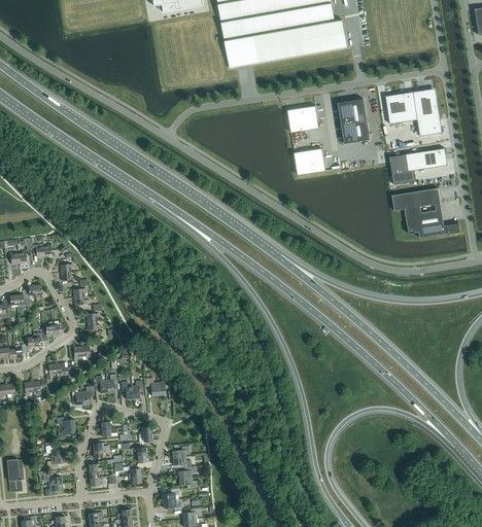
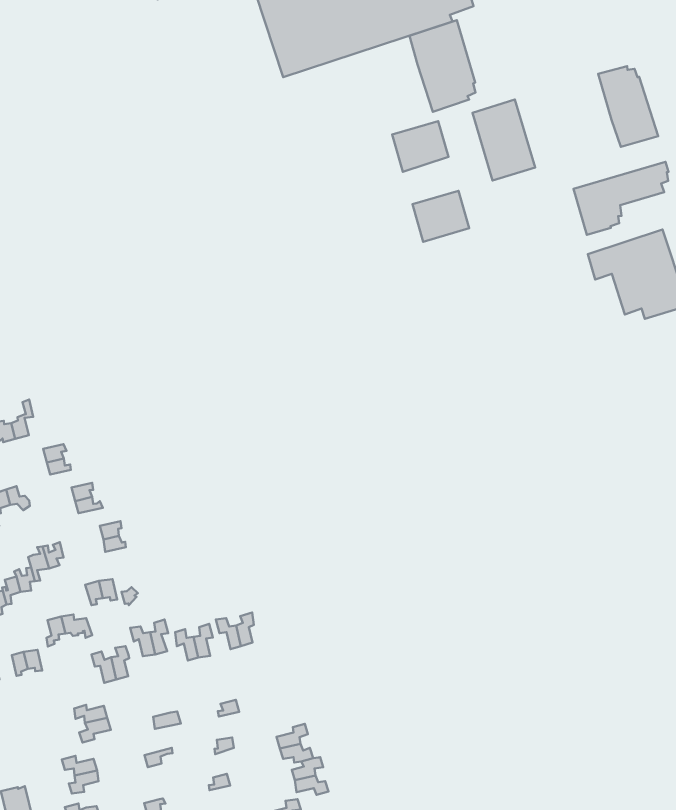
building: none -> [410,20,476,112]
building: [386,92,417,124] -> none

